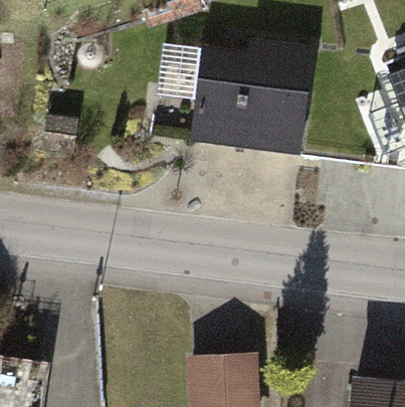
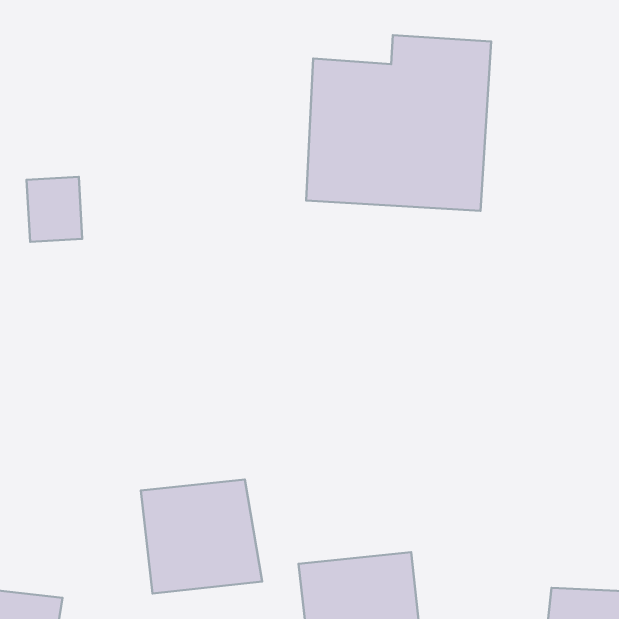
building: none -> [141,480,262,593]

